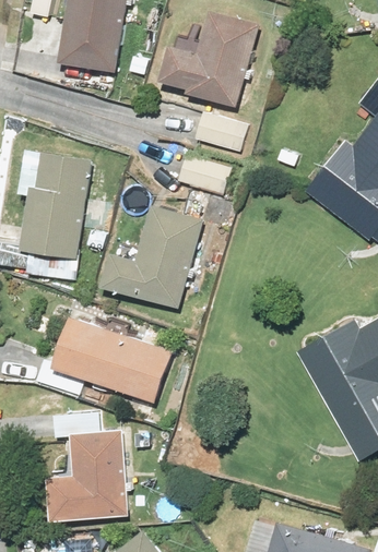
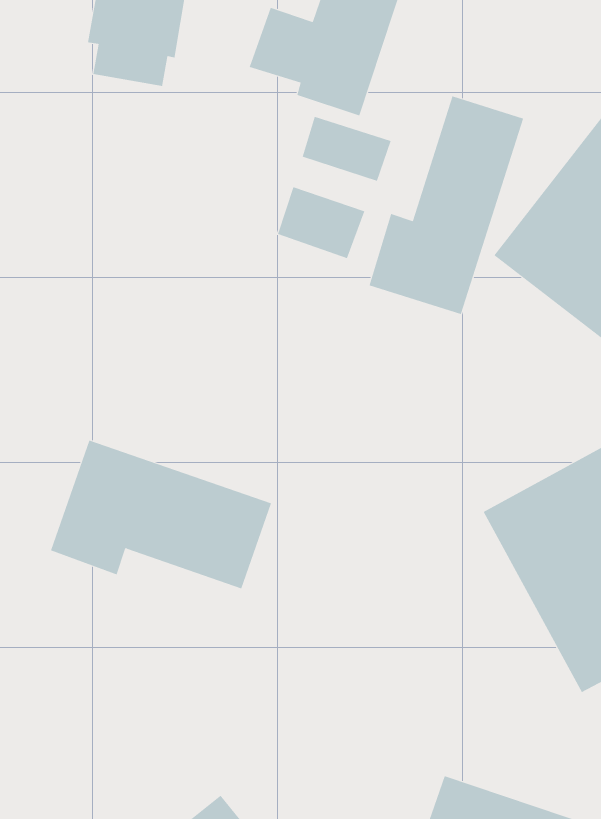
building: none -> [369,96,524,315]
building: [17,153,87,275] -> none
building: [101,204,200,305] -> none
building: [52,418,132,524] -> none

